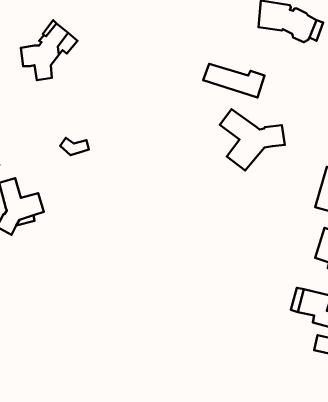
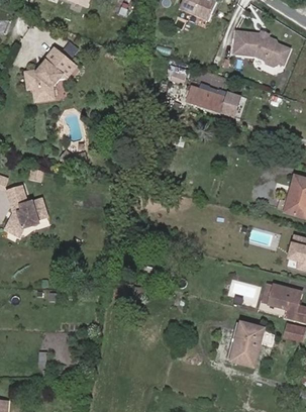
building: [220,109,285,171] -> none
building: none -> [231,322,264,367]

